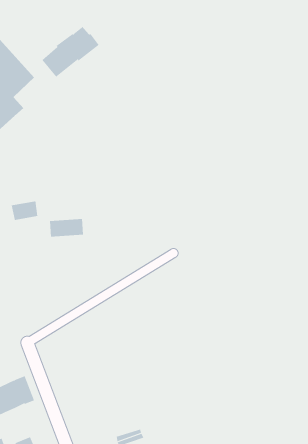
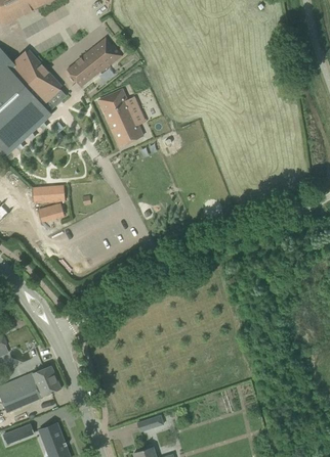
building: none -> [98,89,142,145]
building: [49,219,84,237] -> [32,185,65,202]

